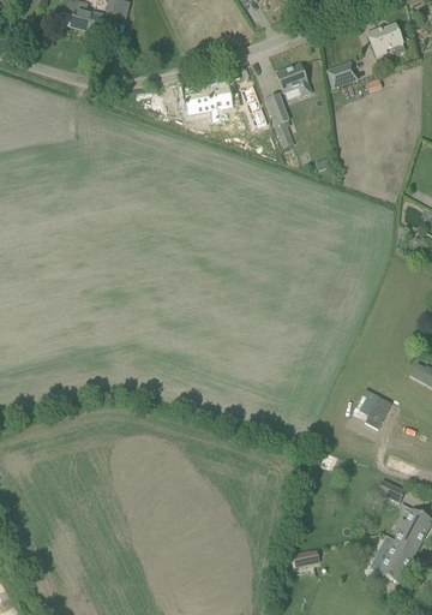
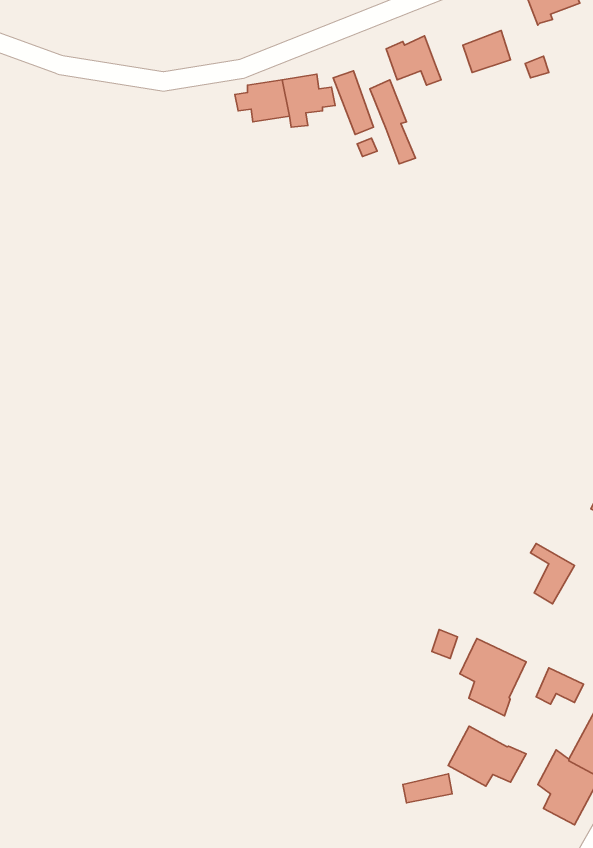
building: none -> [460,638,526,716]
building: none -> [448,726,526,786]

